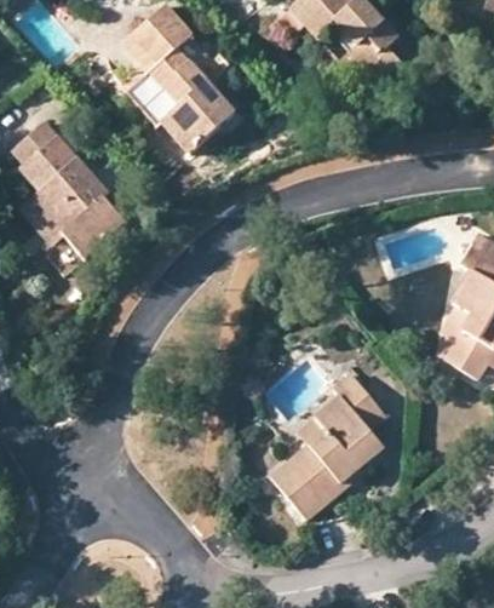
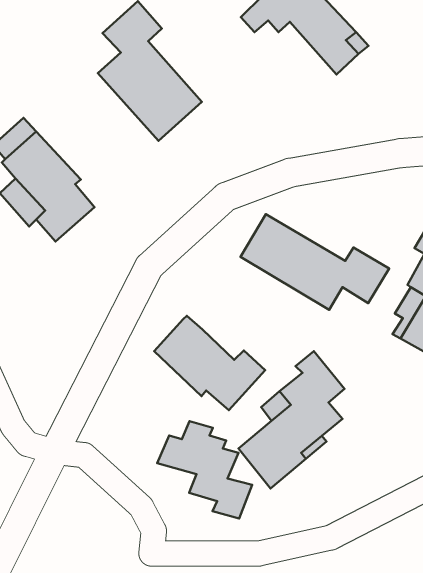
building: none -> [241,214,389,310]
building: none -> [154,316,265,410]
building: none -> [157,421,252,519]

